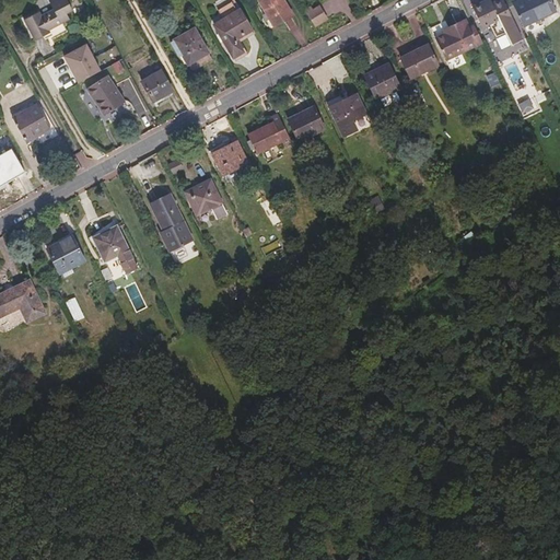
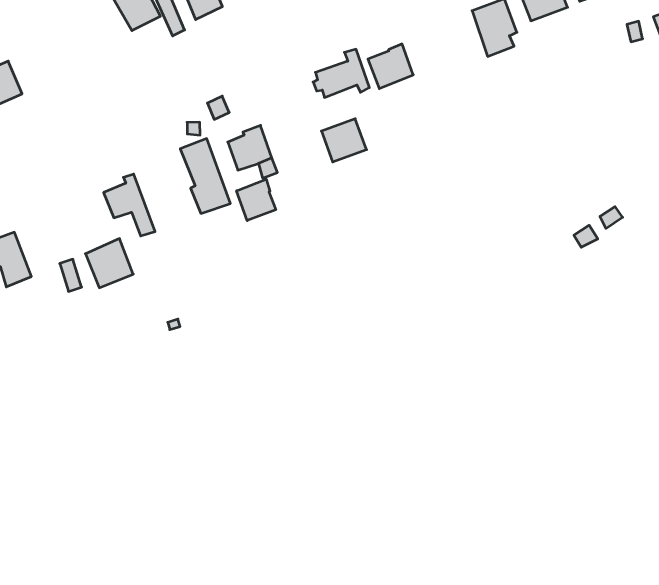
building: [328,93,365,136] -> none
building: [12,103,50,142] -> none
building: [211,140,247,175] -> [321,119,367,162]
building: none -> [237,179,276,221]
building: [46,234,84,273] -> [85,239,133,288]

